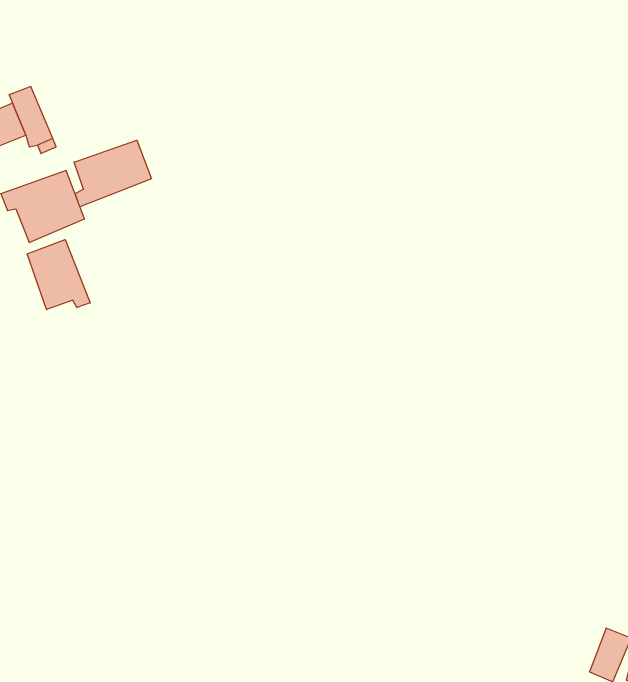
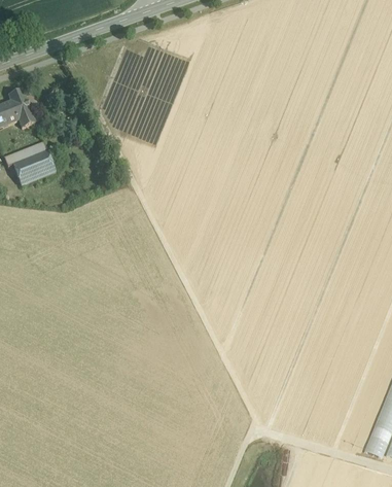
building: [74,140,151,207] -> none
building: [27,240,90,310] -> none

